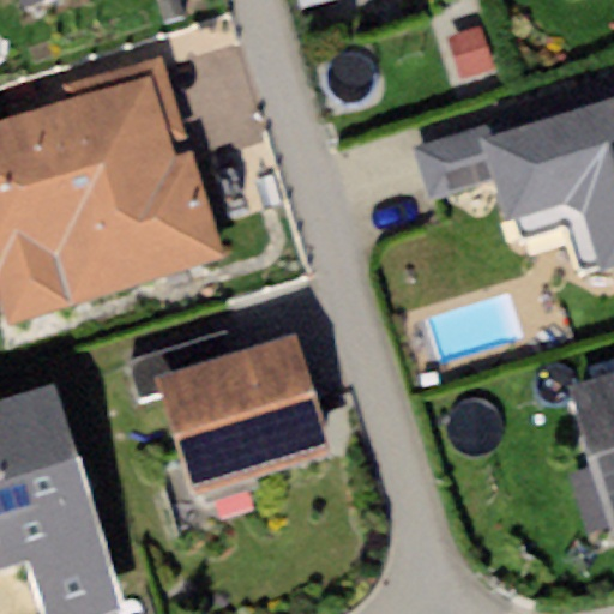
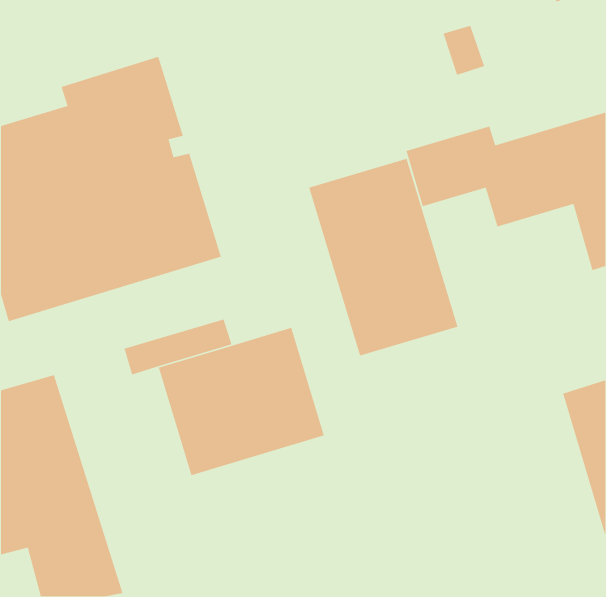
building: none -> [308,158,458,357]

